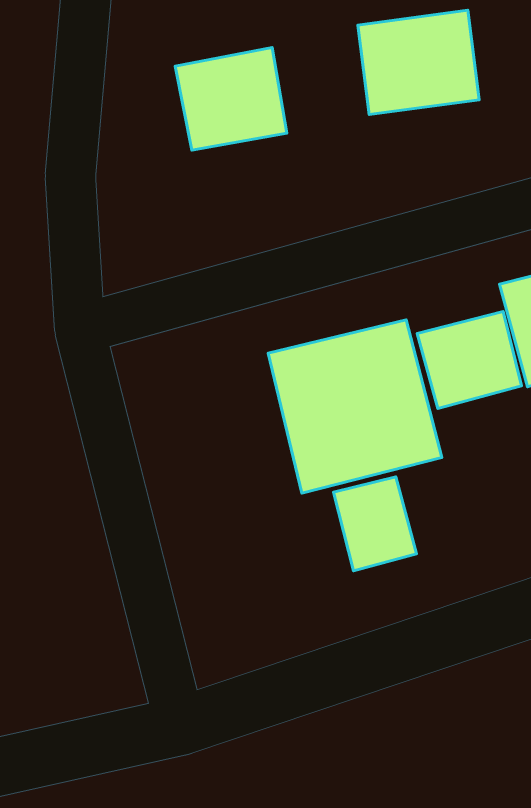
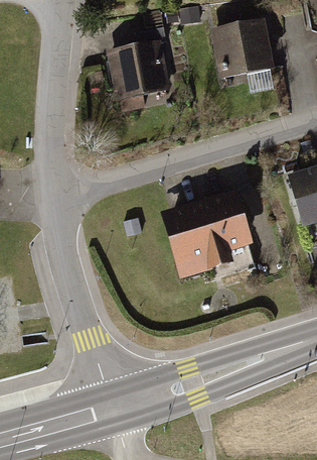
building: [417,312,521,408] -> none
building: [333,477,416,571] -> none

